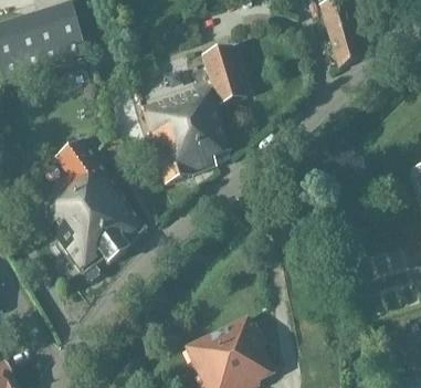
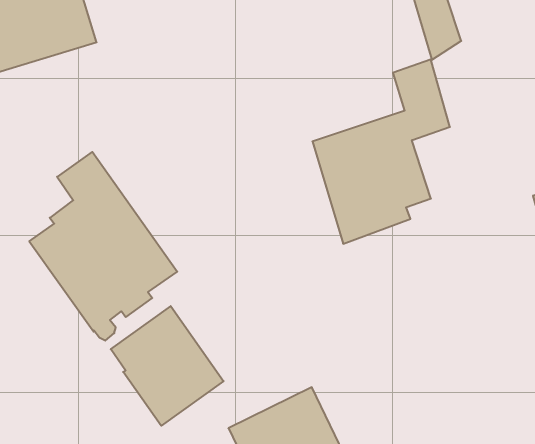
building: [141,42,245,181] -> [312,60,450,244]
building: none -> [111,306,224,426]

